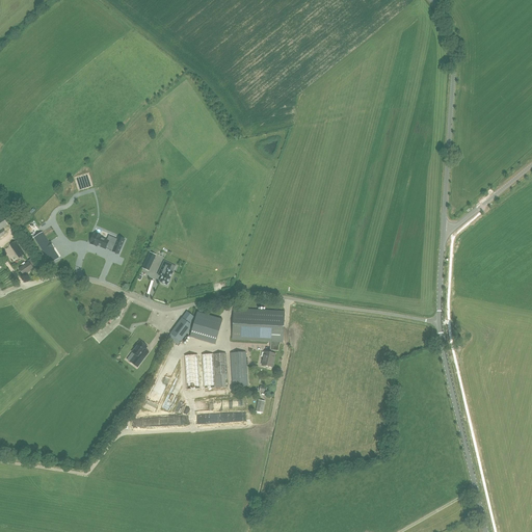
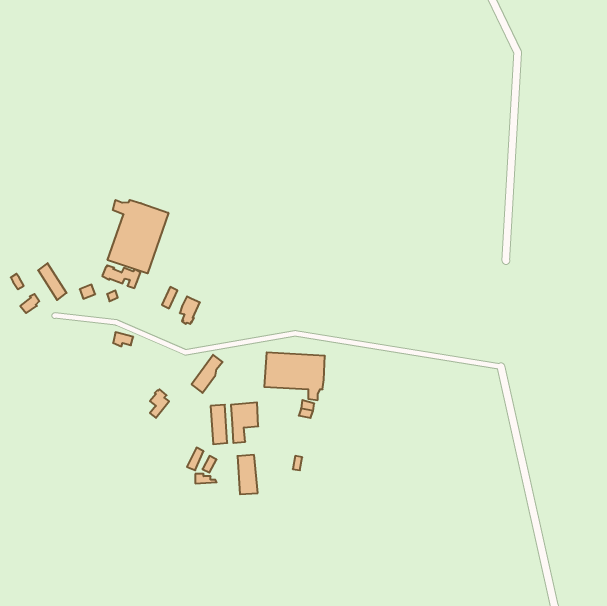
building: none -> [108,200,168,273]
building: [189,310,221,342] -> none
building: [230,350,247,384] -> [237,455,258,494]

